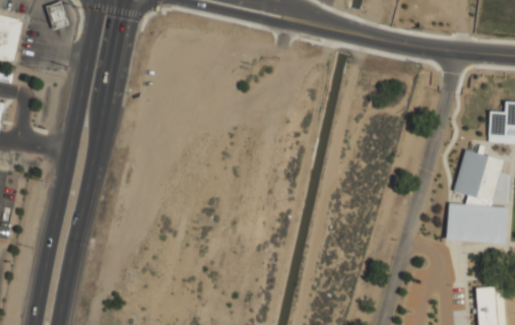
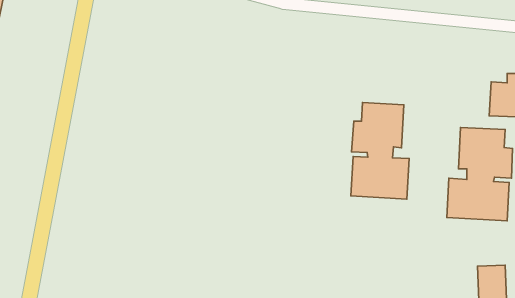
building: none -> [351,102,409,199]

